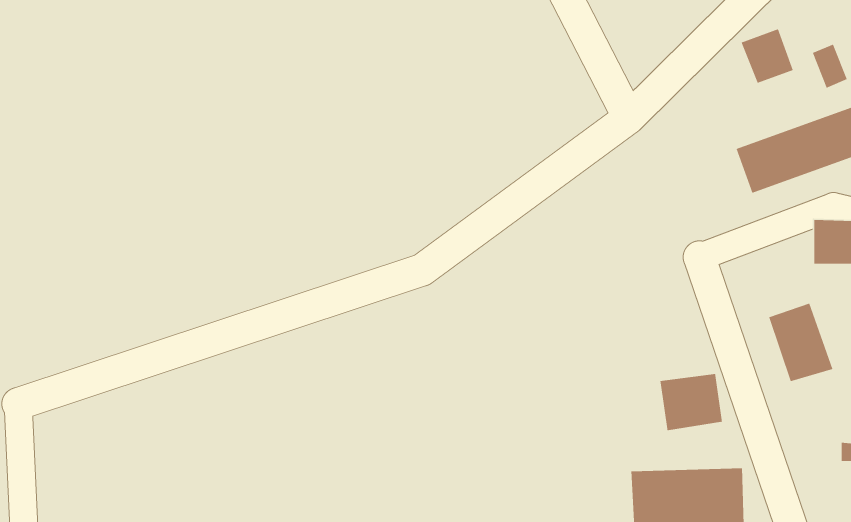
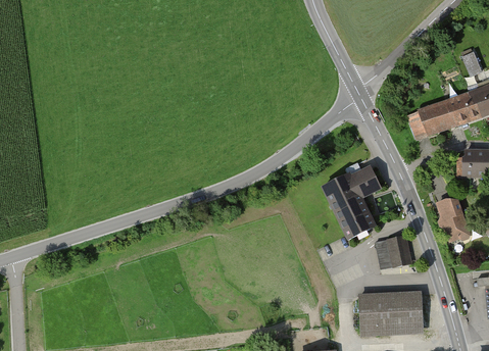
building: [740,28,794,84] -> none
building: none -> [320,159,384,241]

